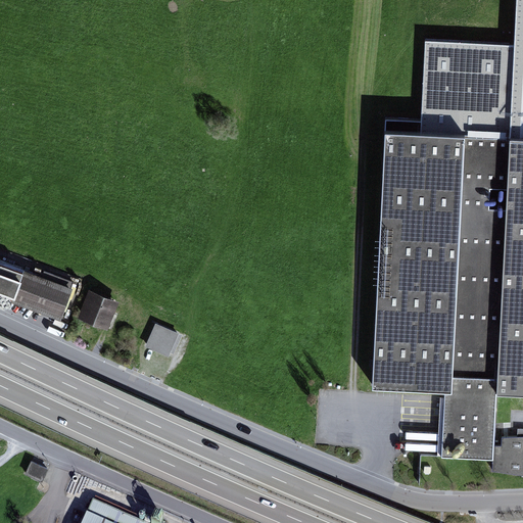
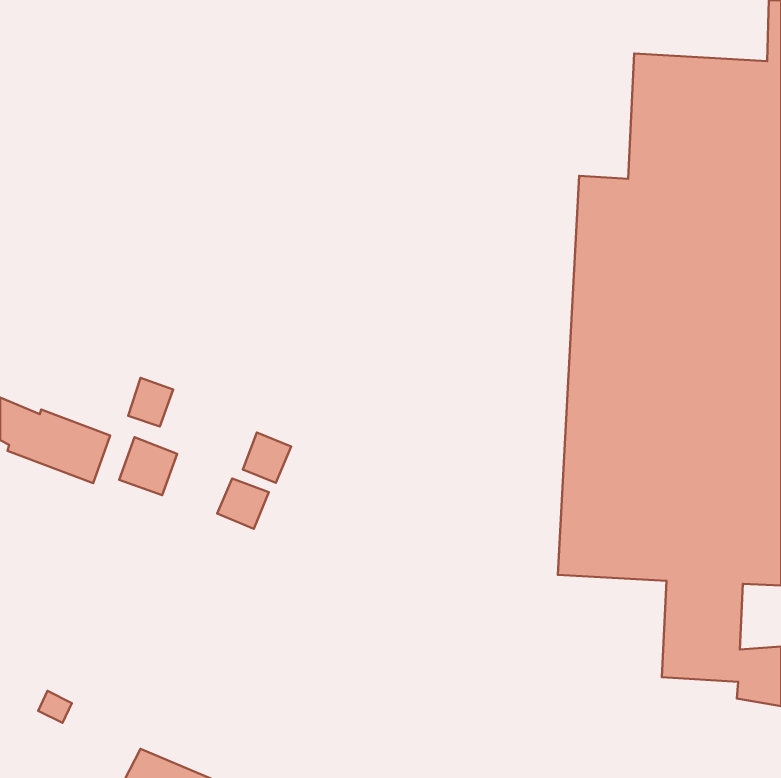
building: none -> [128,378,173,427]
building: none -> [243,432,291,483]

